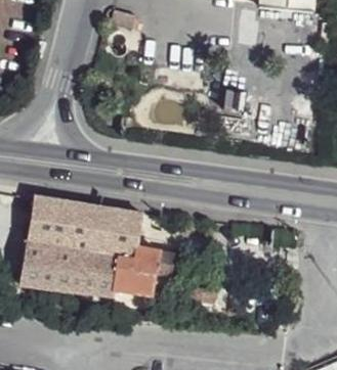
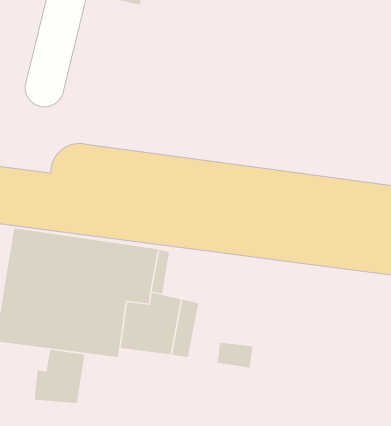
building: none -> [34,349,85,404]

